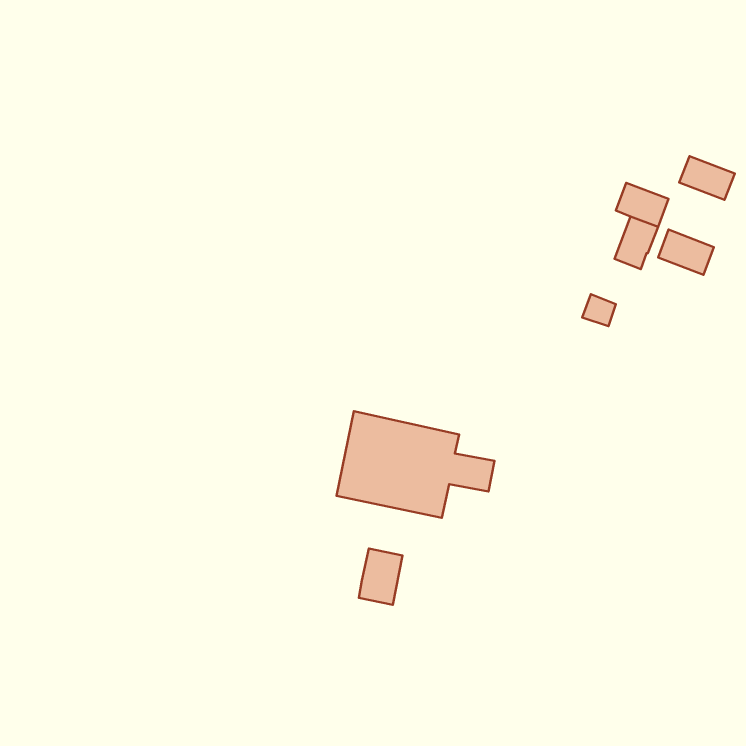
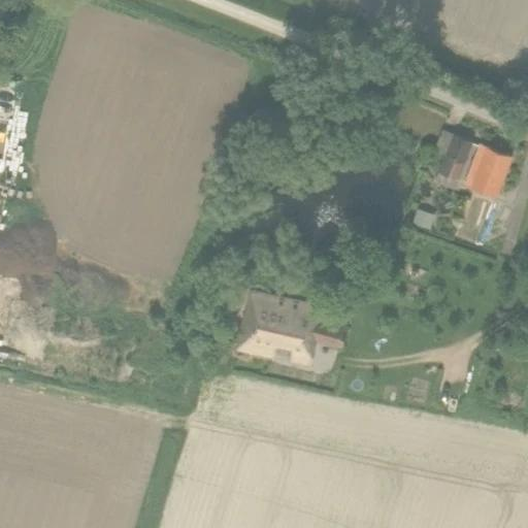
building: [679,156,735,200] -> [471,144,510,175]
building: [359,548,402,605] -> none

